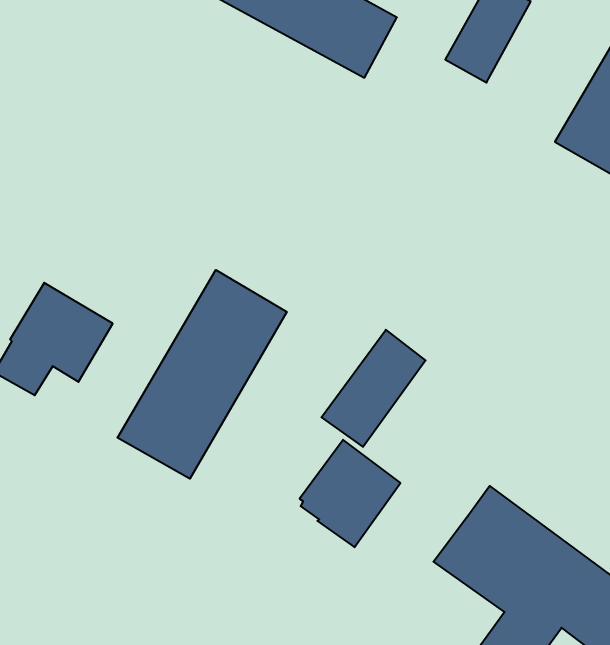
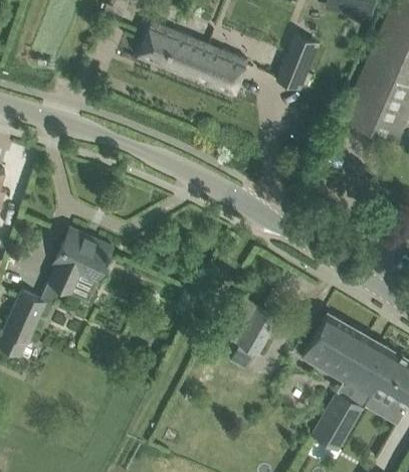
building: [117,270,287,479] -> none
building: [321,330,426,447] -> none

